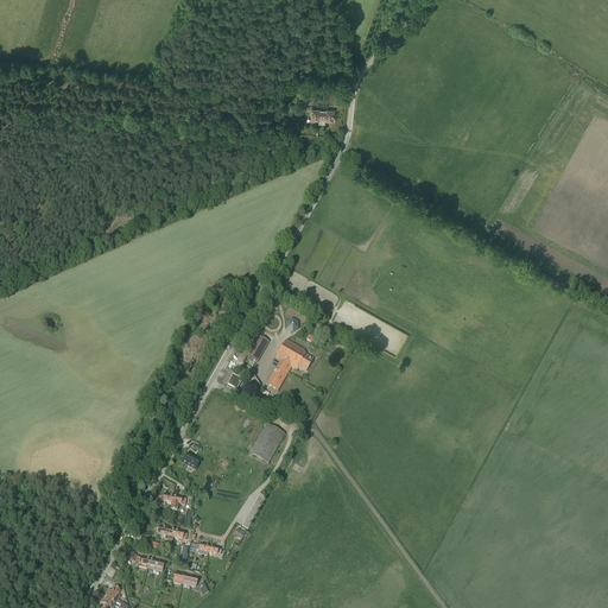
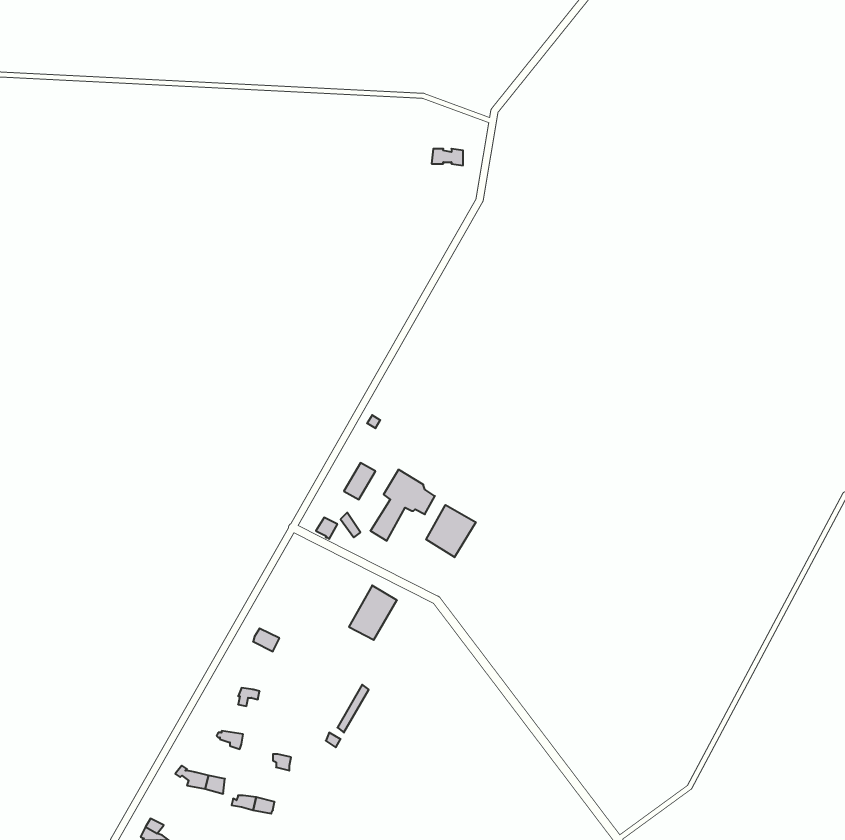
building: none -> [426,505,476,557]

